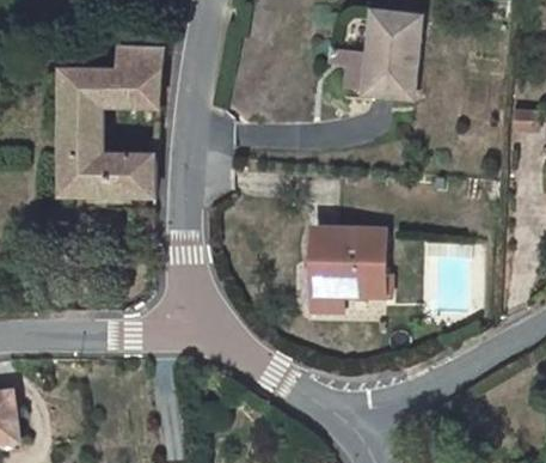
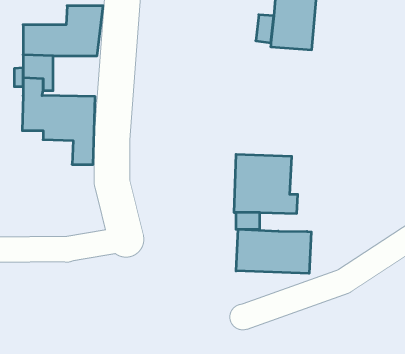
building: none -> [236,229,311,273]

